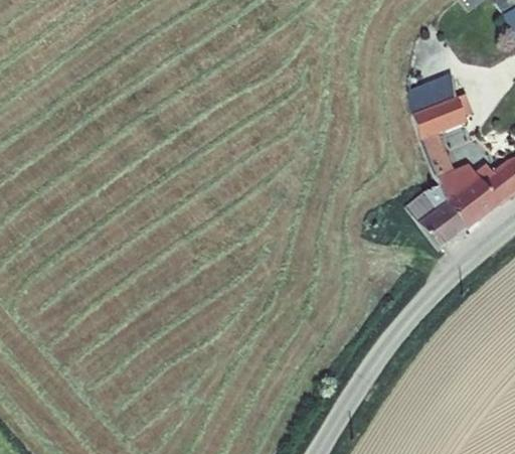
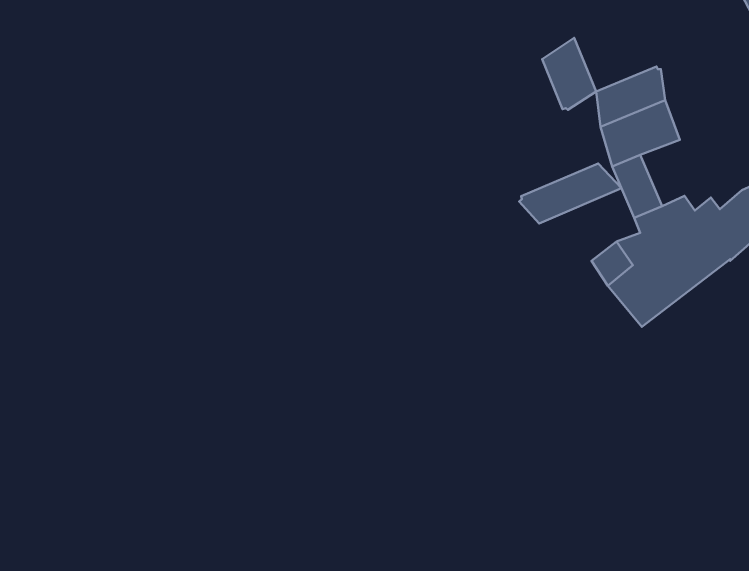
building: none -> [542,38,596,110]
building: none -> [519,163,622,224]

